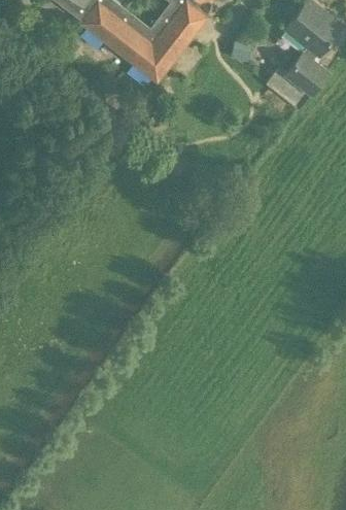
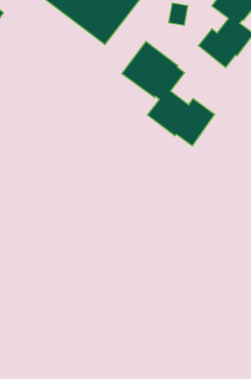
building: none -> [122,41,215,146]

